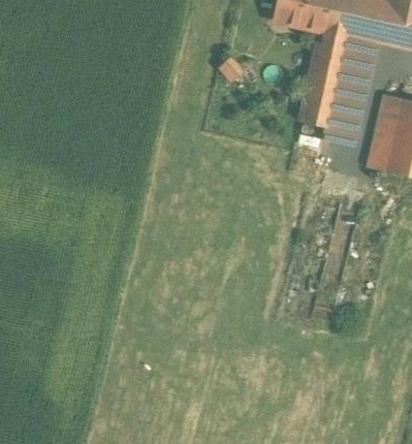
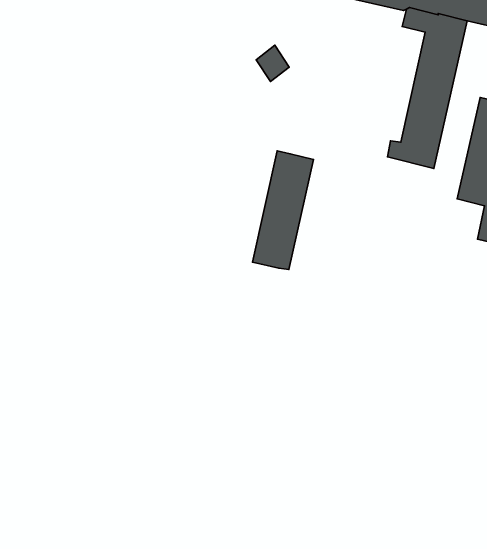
building: [299,39,343,124] -> [253,151,313,270]

